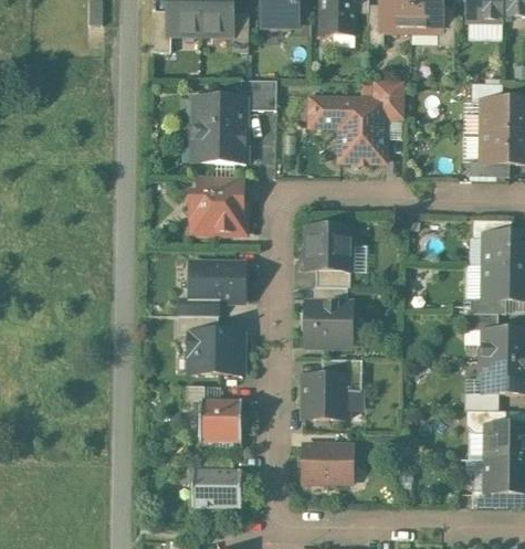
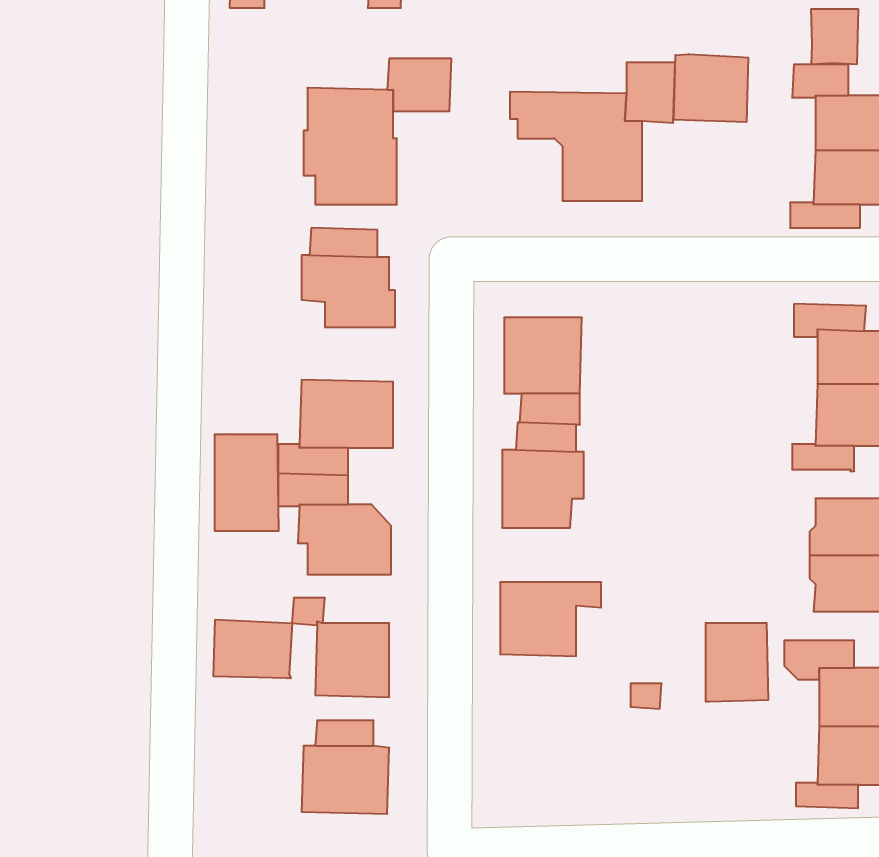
building: none -> [811,9,858,64]
building: none -> [674,54,748,122]
building: none -> [215,434,279,531]
building: [322,360,361,378] -> none
building: none -> [214,620,292,678]
building: none -> [706,623,768,702]
building: [303,445,351,483] -> none

